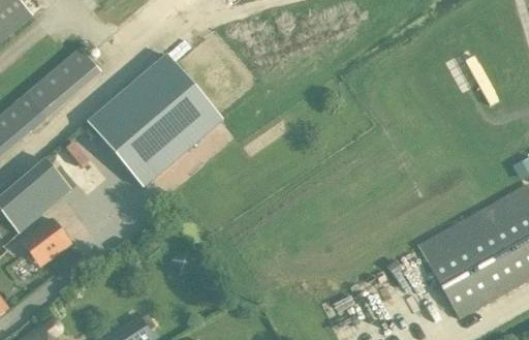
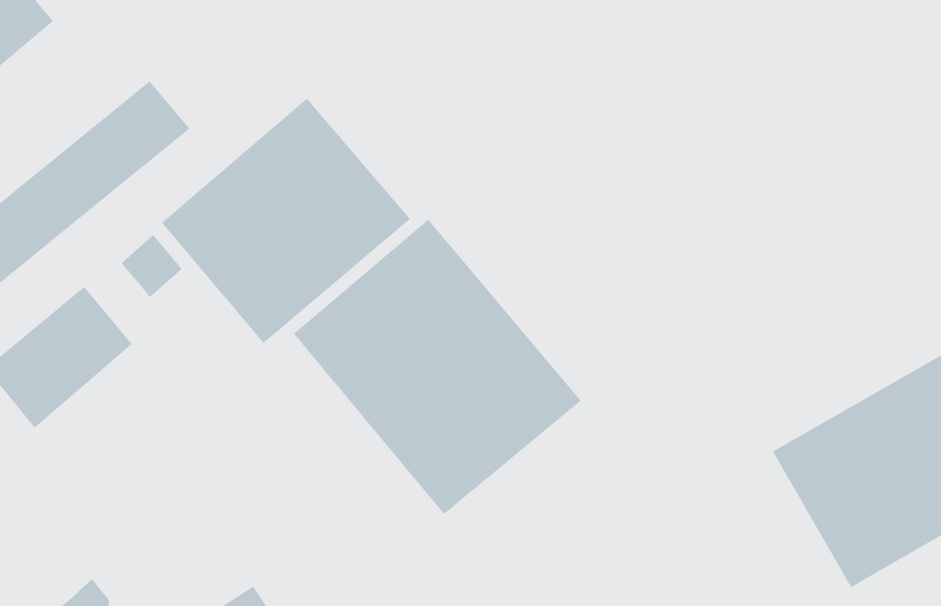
building: none -> [293,219,582,515]
building: [21,217,70,265] -> none

